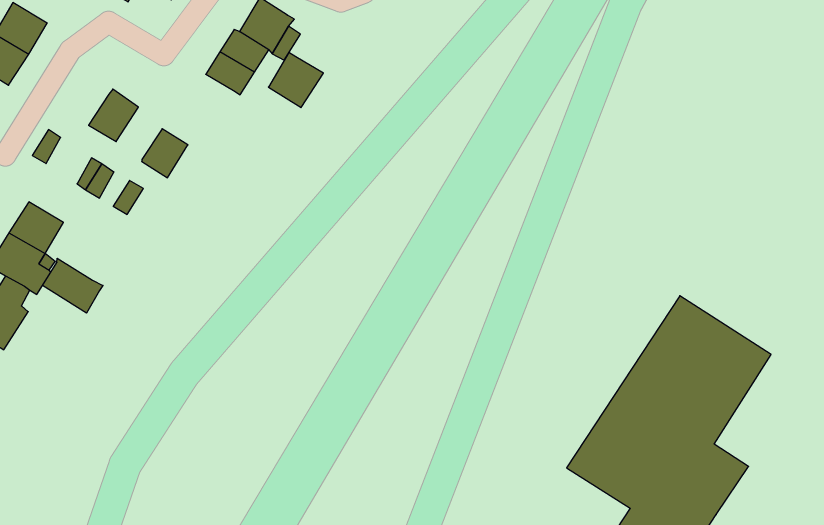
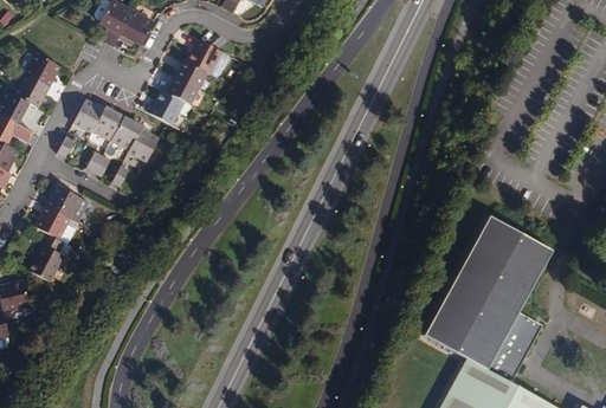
building: [268,53,323,108] -> [150,90,186,125]
building: none -> [73,99,104,132]
building: none -> [111,117,142,151]
building: [42,258,103,313] -> none

